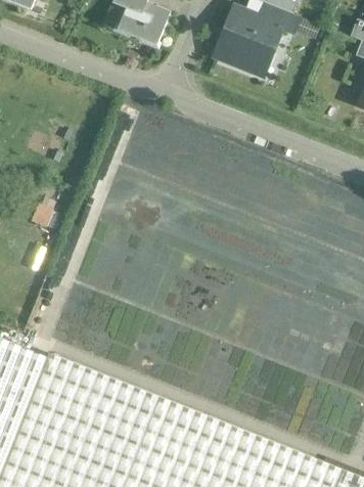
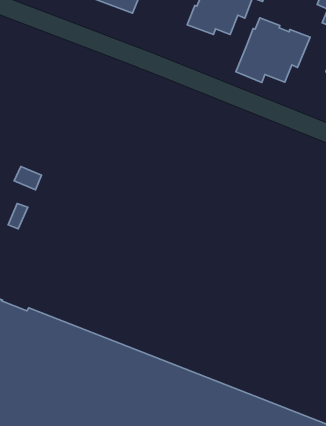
building: none -> [236,18,310,83]

